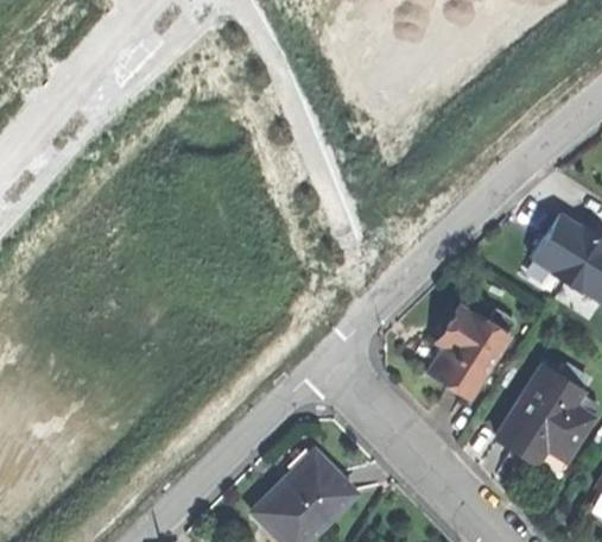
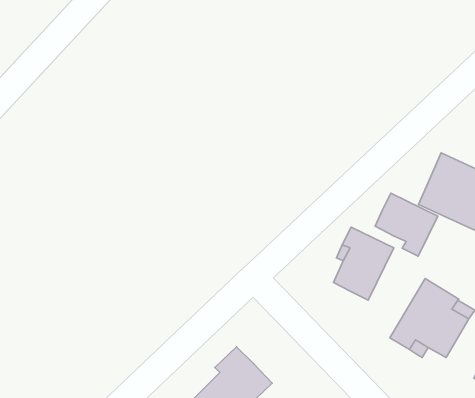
building: none -> [375,193,438,256]

